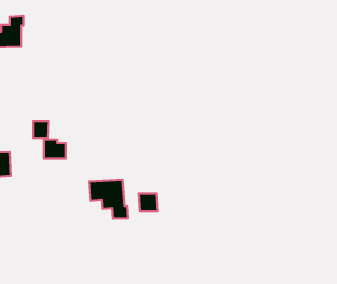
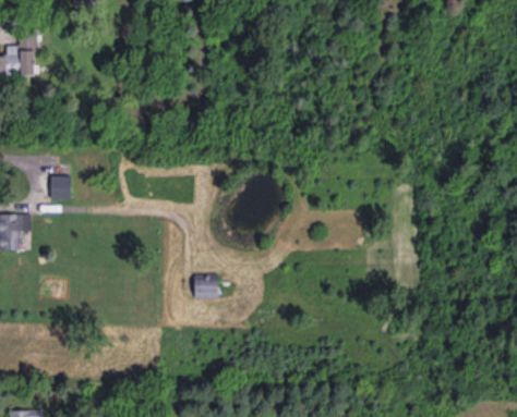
building: [44,140,66,159] -> none
building: [89,180,128,218] -> none

